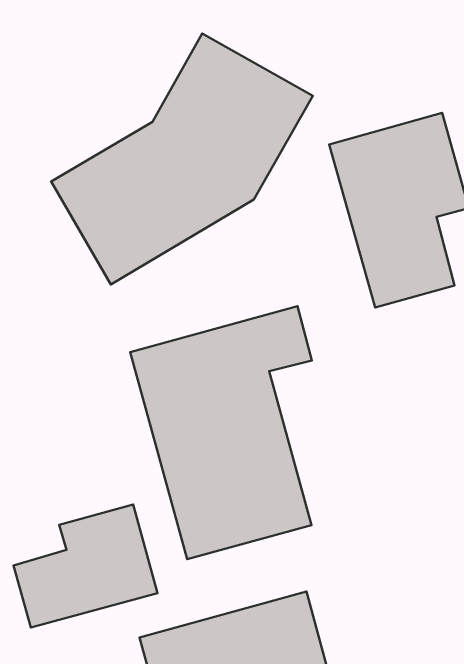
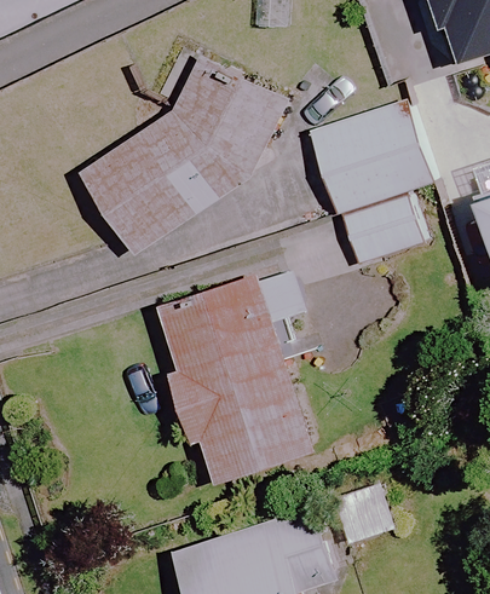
building: [14,505,157,628] -> none

